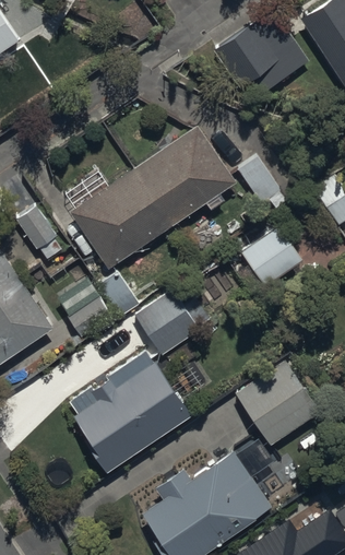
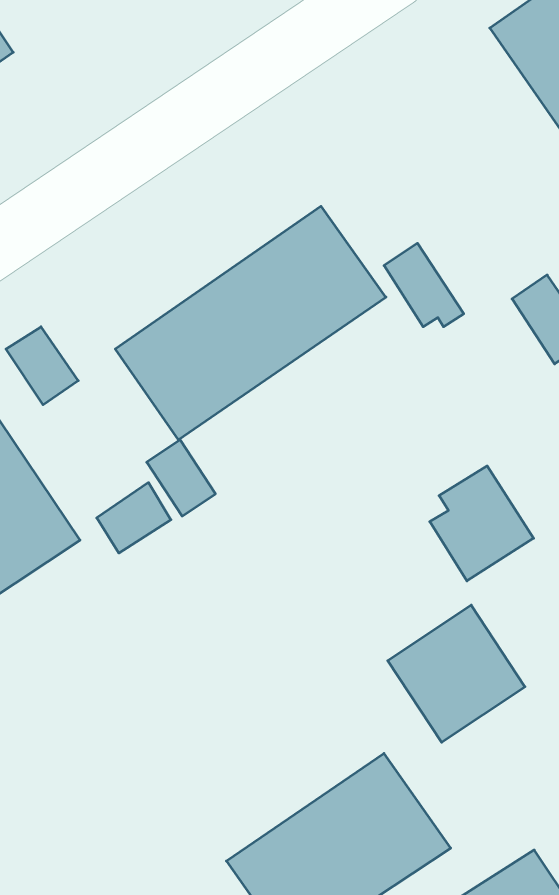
building: [212,13,306,94] -> none
building: [239,214,300,282] -> [430,466,534,581]
building: [138,293,198,352] -> none
building: [67,351,191,469] -> none

